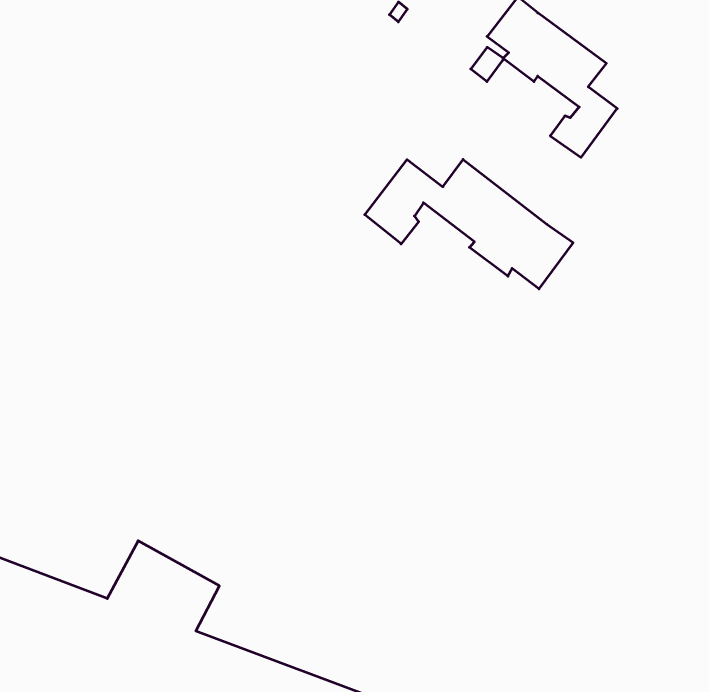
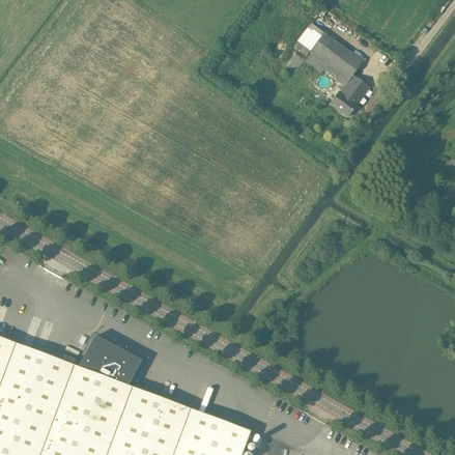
building: [365,159,573,289] -> none

